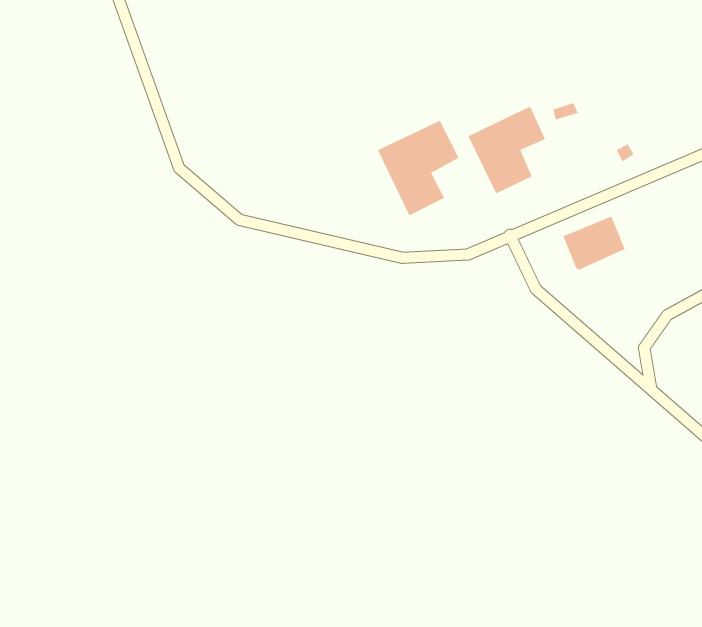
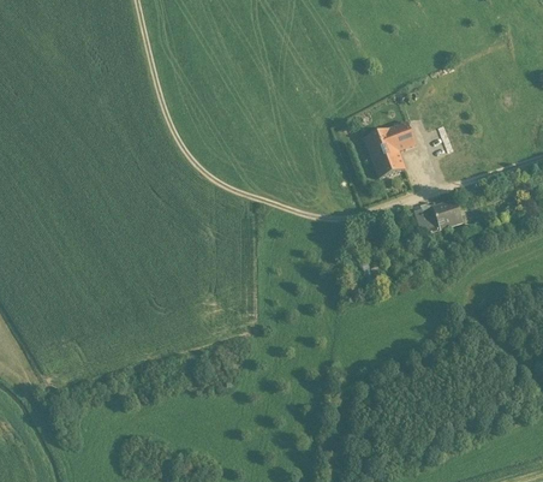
building: [377,120,459,216] -> none

